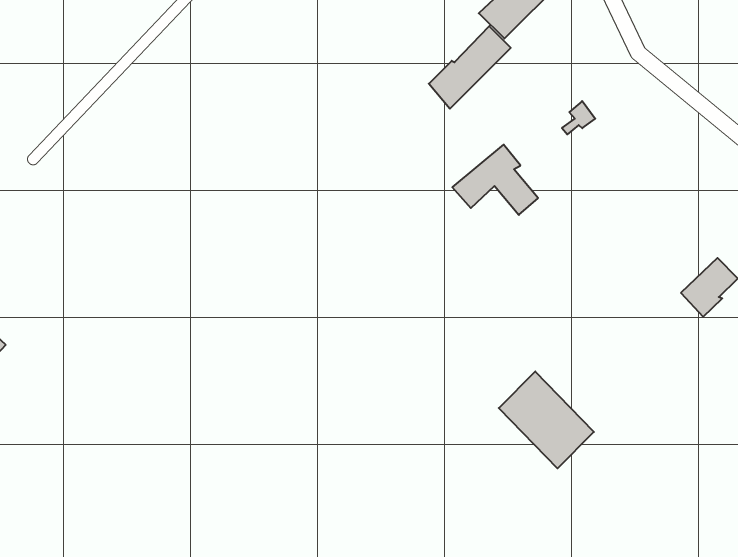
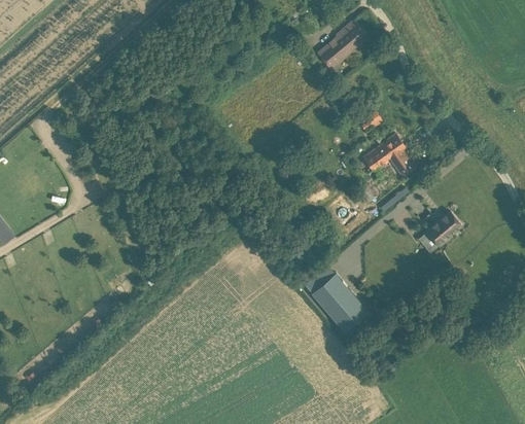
building: [429,26,511,109] -> none
building: [452,145,538,215] -> [361,134,413,177]

